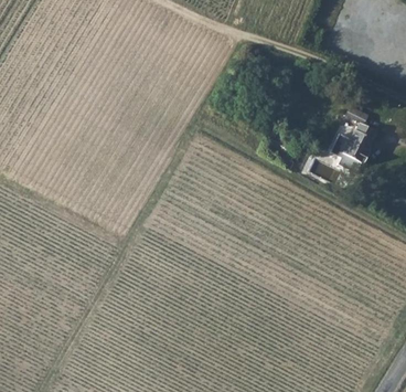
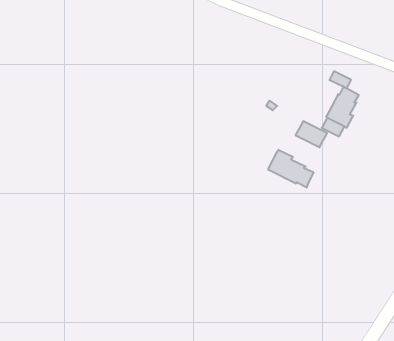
building: none -> [268,150,313,188]

